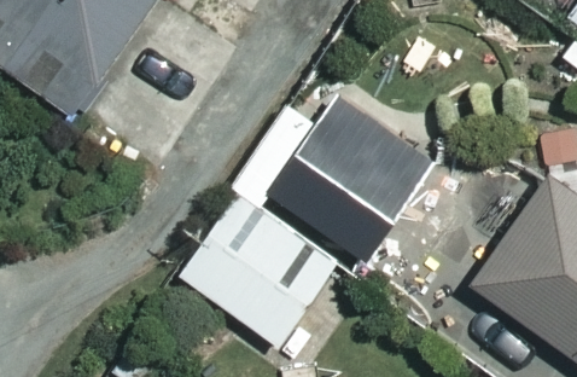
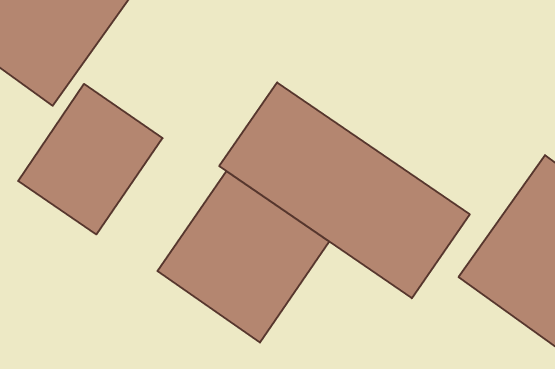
building: none -> [18,84,163,234]

